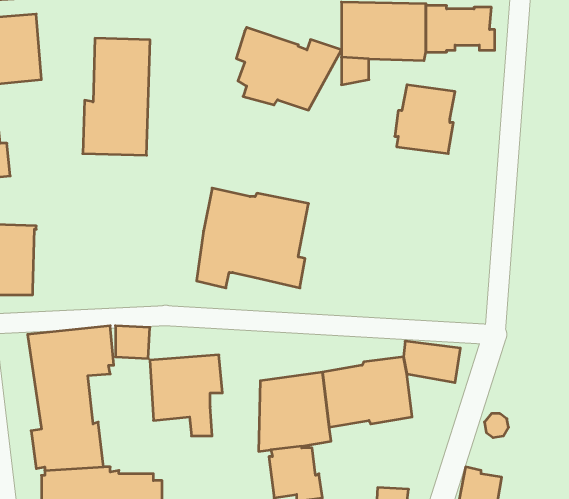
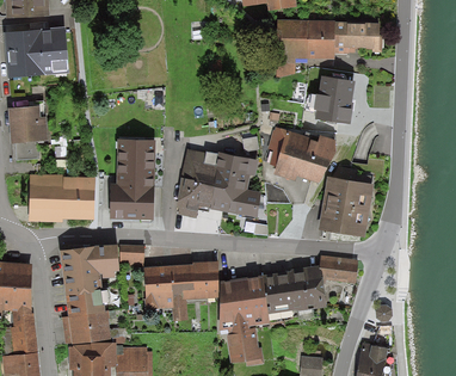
building: [236,27,341,110] -> [267,127,340,184]
building: [83,38,150,155] -> [109,140,155,221]
building: none -> [62,177,94,220]
building: none -> [318,177,372,238]
building: none -> [185,261,218,300]

